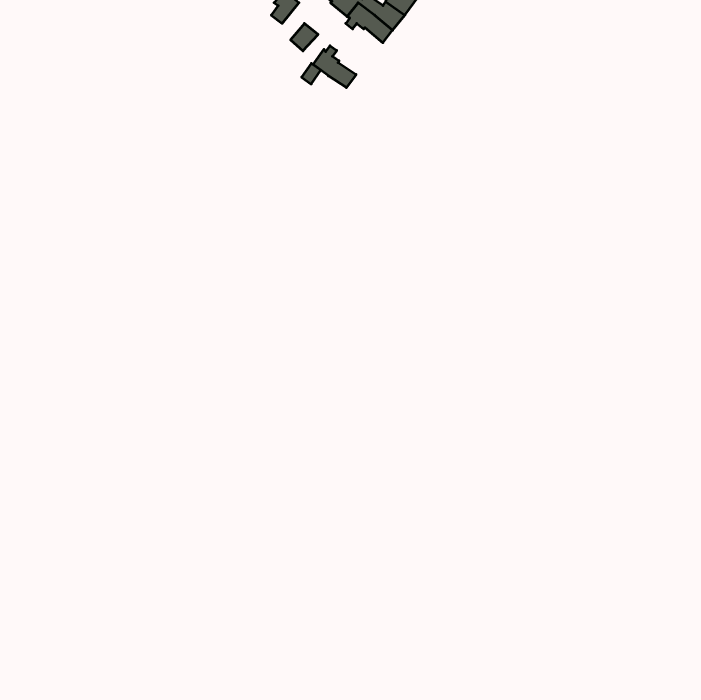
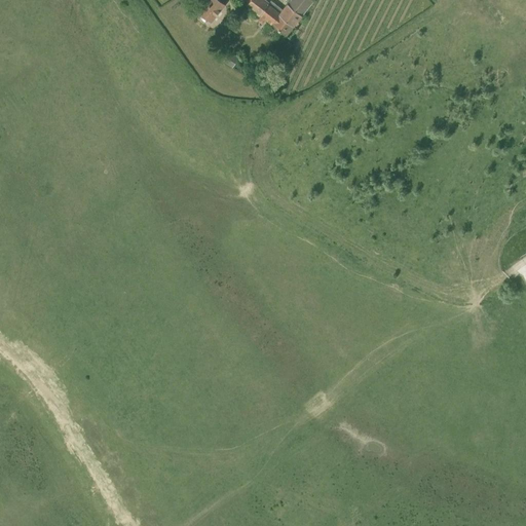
building: [313,46,356,88] -> none

